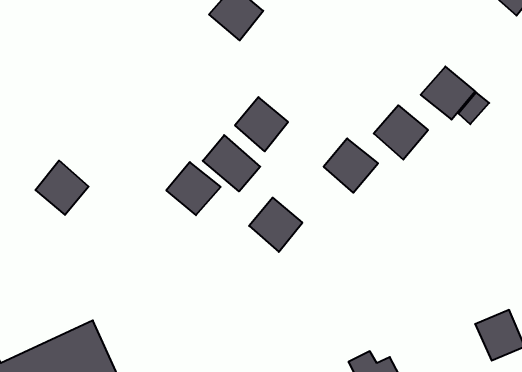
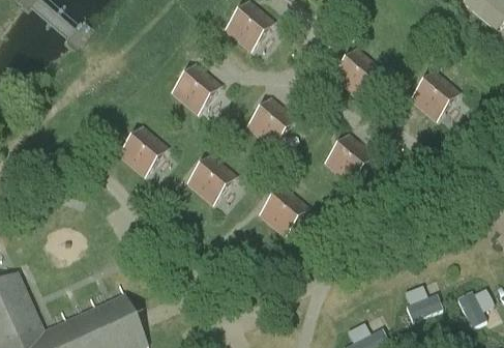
building: none -> [172,64,219,112]
building: [374,105,428,160] -> [332,49,380,96]
building: [203,135,260,191] -> none
building: [35,161,89,215] -> [119,126,166,174]
building: none -> [404,285,443,319]

